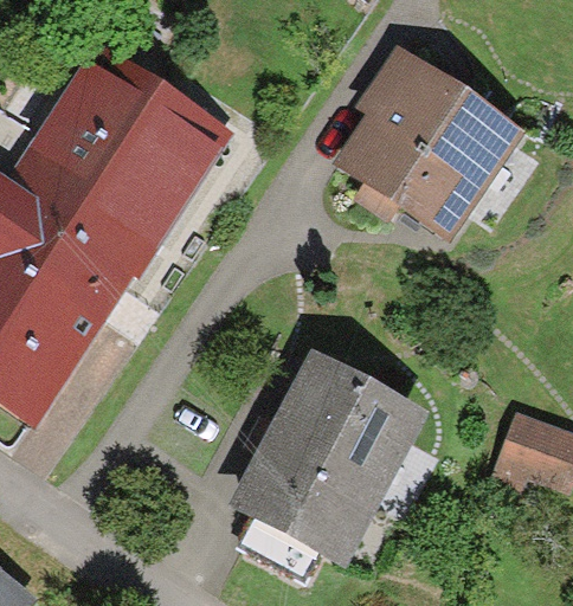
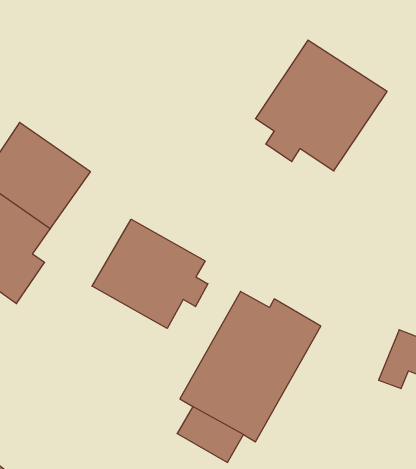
building: [33,44,220,221] -> none
building: none -> [92,219,208,328]

